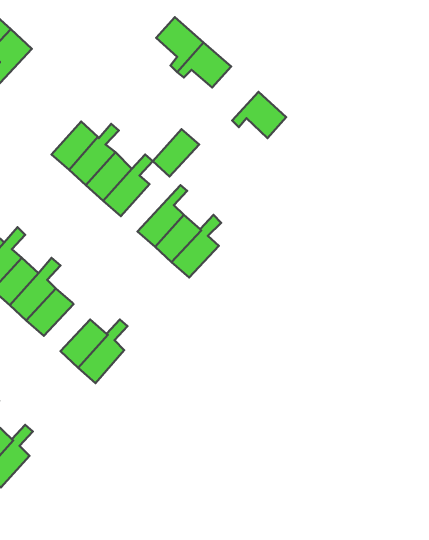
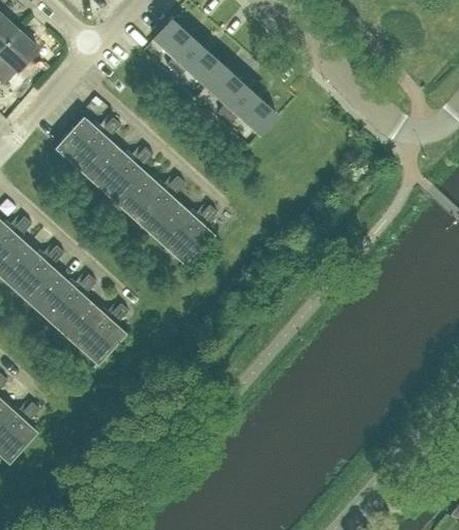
building: none -> [206,65,250,116]
building: [153,129,199,177] -> [120,176,164,220]
building: none -> [48,274,94,333]

